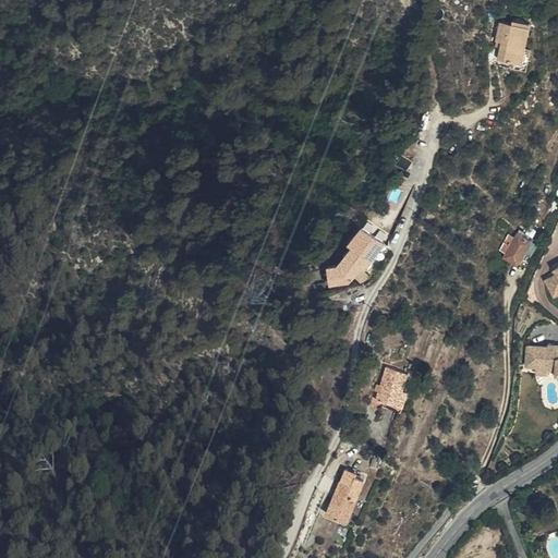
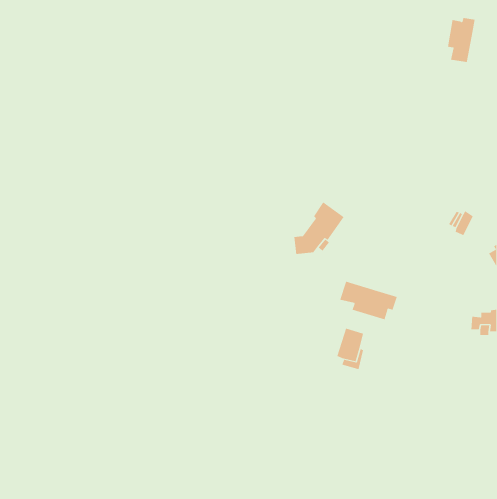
building: none -> [339,281,398,320]
building: [326,466,363,521] -> none

